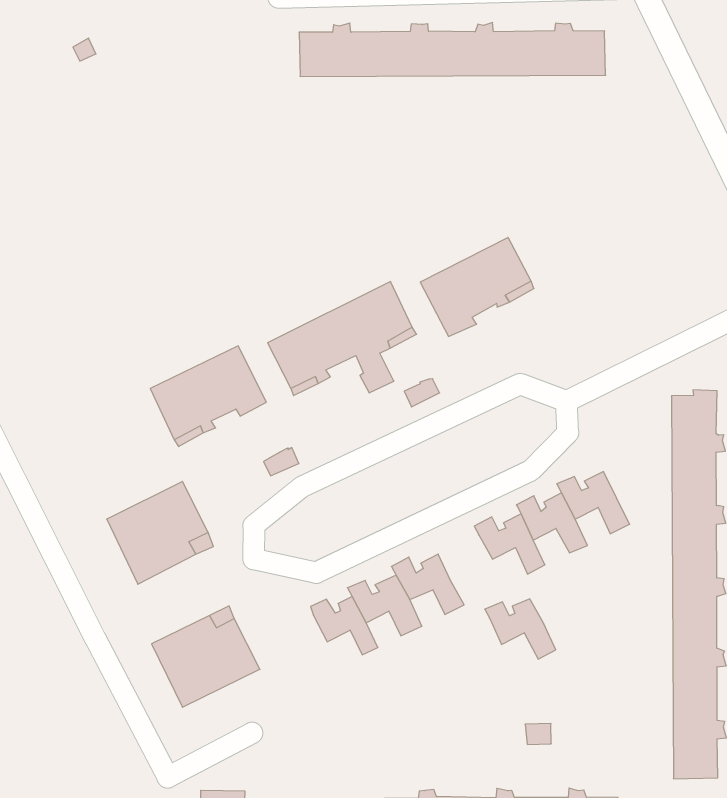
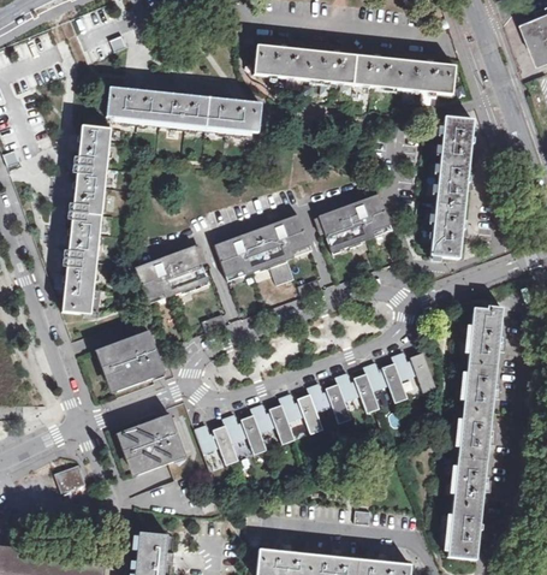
building: none -> [430,117,476,259]
building: none -> [106,85,261,132]
building: none -> [59,126,111,315]
building: [485,599,556,659] -> [308,385,351,425]
building: none -> [195,426,238,466]
building: none -> [54,466,85,493]

